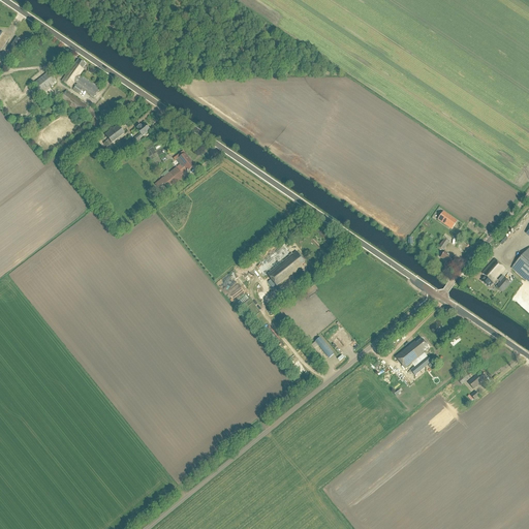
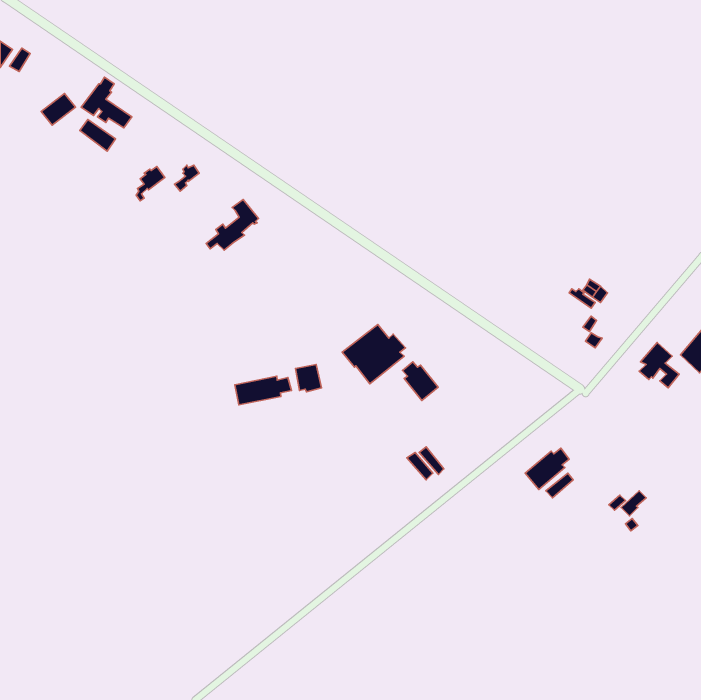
building: none -> [403,362,438,401]
building: none -> [235,376,291,405]

